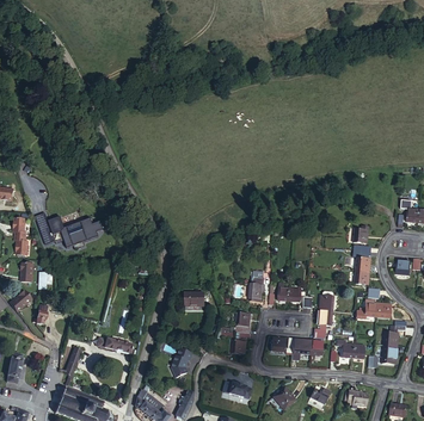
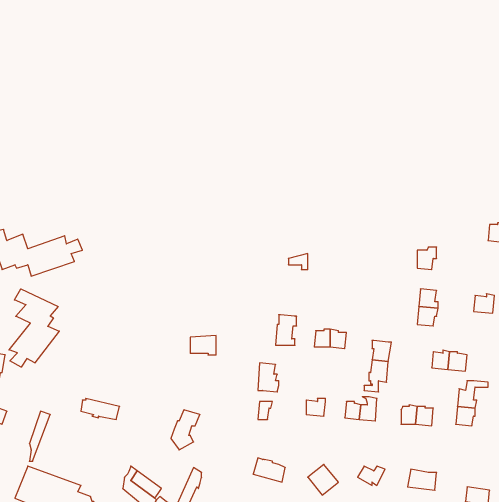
building: none -> [9,289,59,367]

